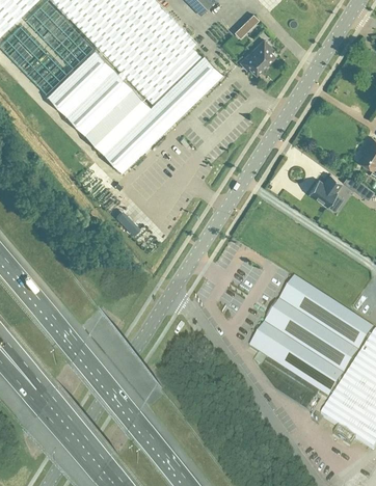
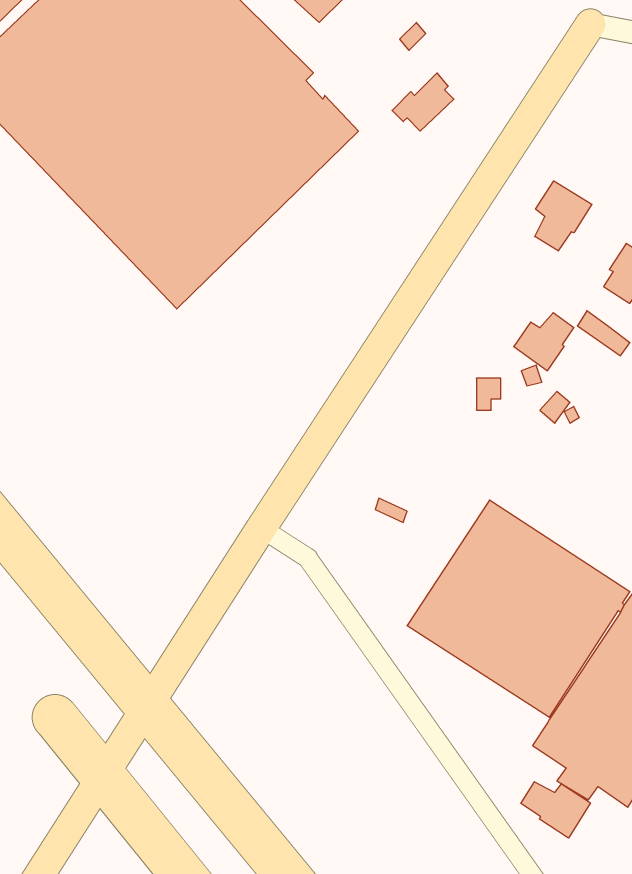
building: none -> [535,181,592,251]
building: none -> [521,782,590,838]

